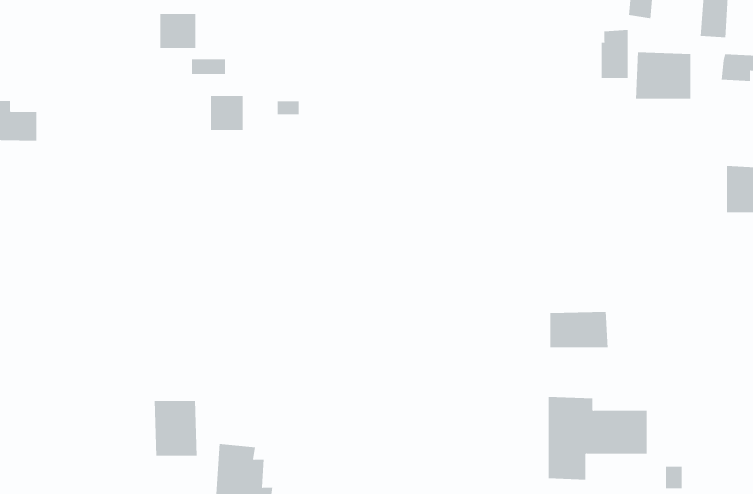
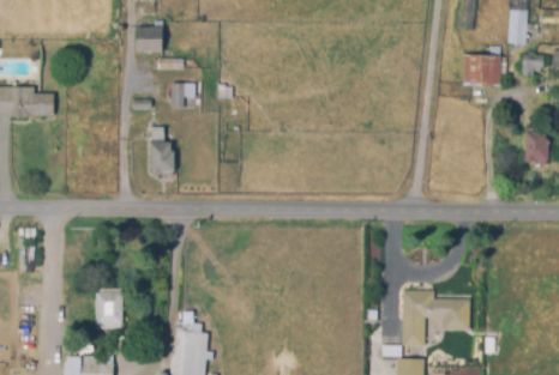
building: [601,29,628,79] -> none
building: none -> [150,127,175,176]
building: [550,311,608,348] -> none
building: [154,400,197,456] -> [94,291,124,329]

